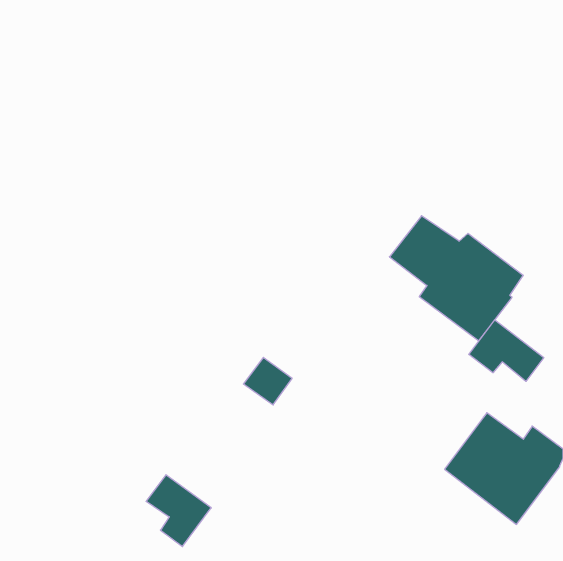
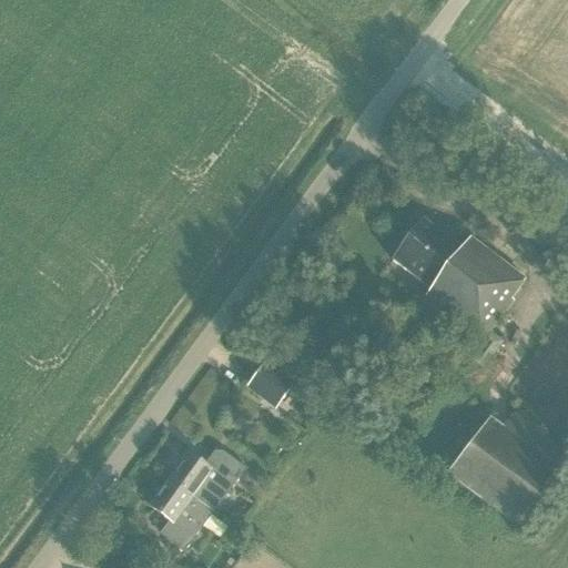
building: [469,320,544,381] -> none
building: none -> [166,447,244,509]

